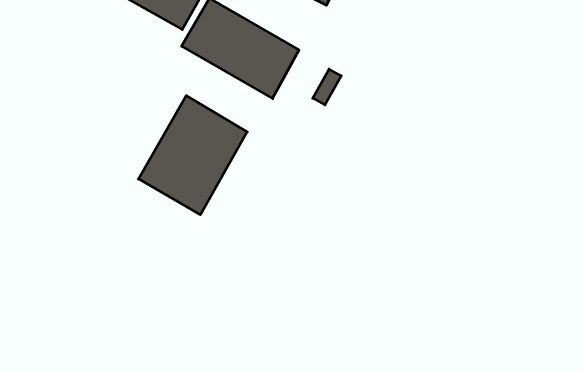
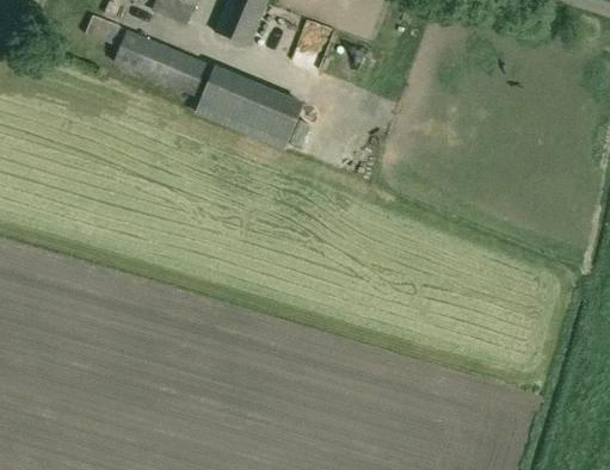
building: [138,96,247,215] -> none

